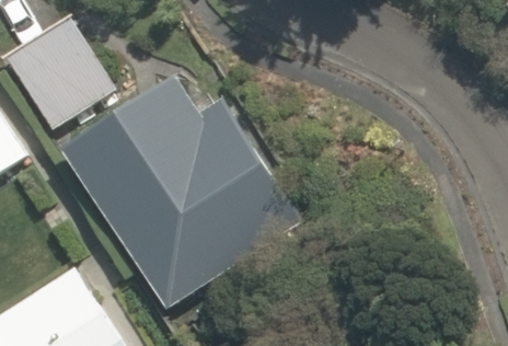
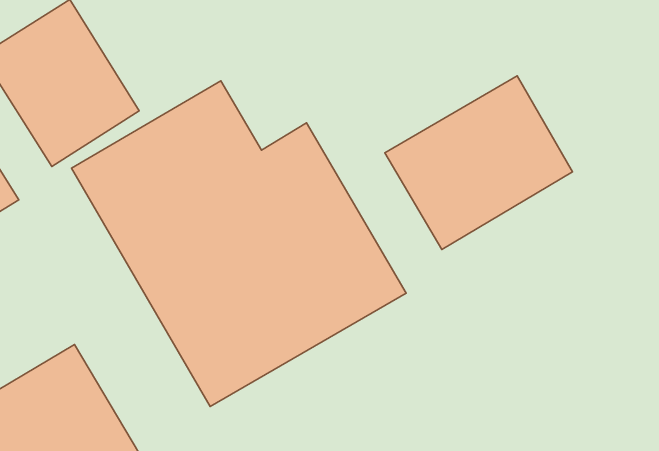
building: none -> [385,76,573,250]

